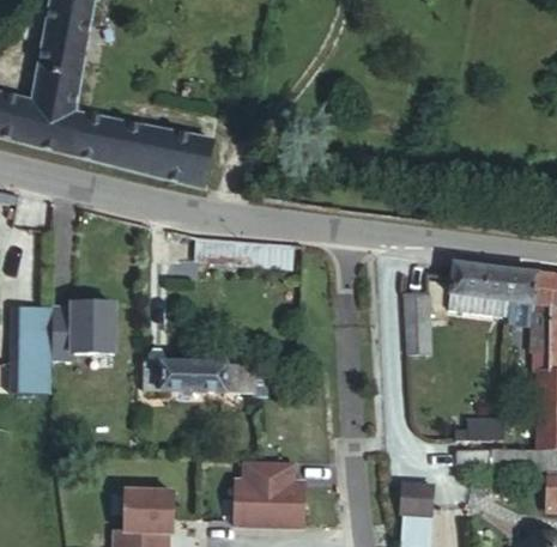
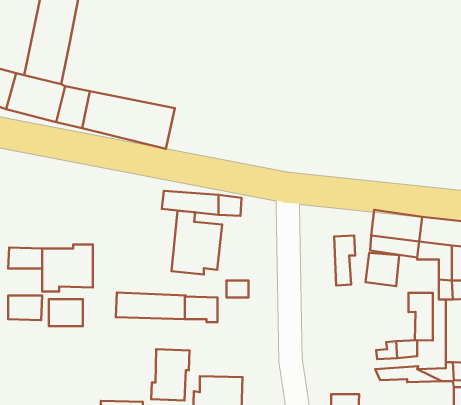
building: none -> [172,211,222,275]
building: none -> [365,253,399,286]
building: [12,330,53,363] -> [49,299,83,326]
building: none -> [408,293,433,341]
building: none -> [151,349,190,400]

